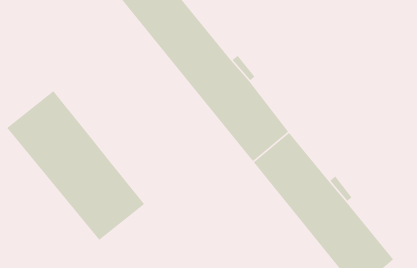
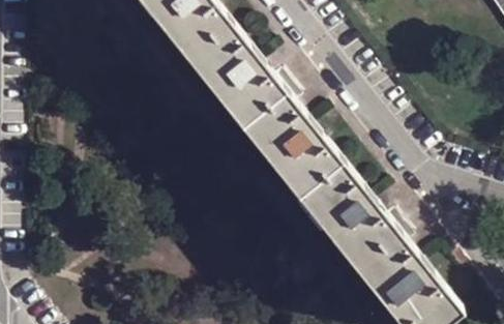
building: [6,90,145,241] -> none

